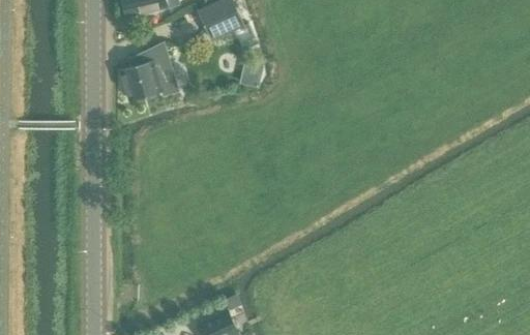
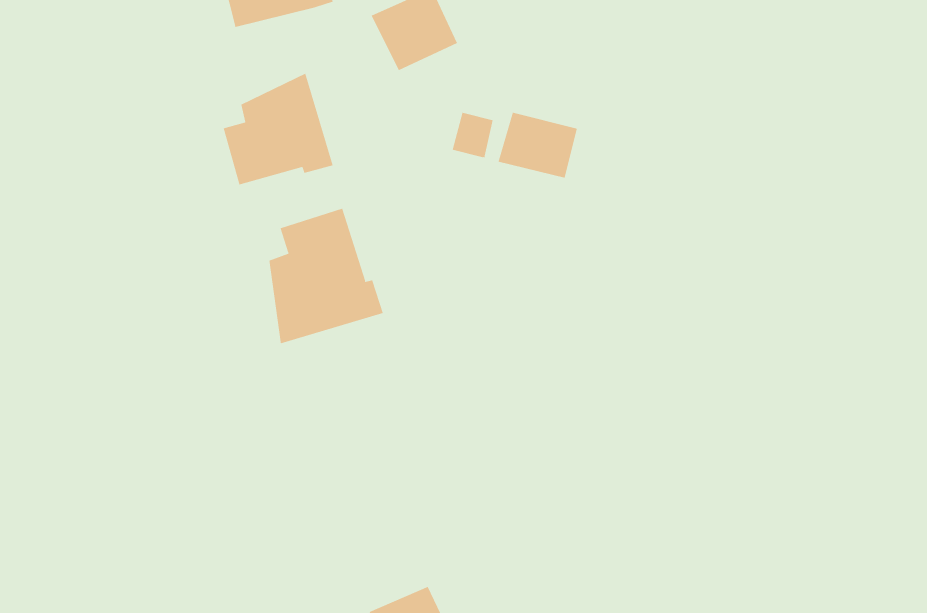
building: none -> [498,112,577,178]
building: none -> [269,208,384,344]

